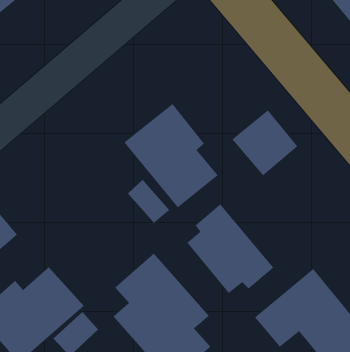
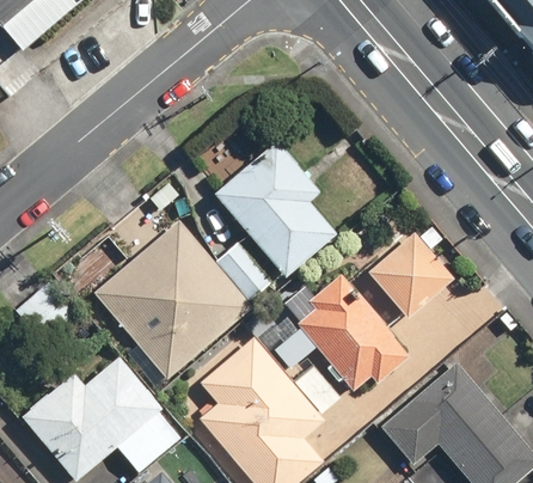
building: [232,110,298,176] -> [367,232,454,319]
building: none -> [92,220,252,379]

